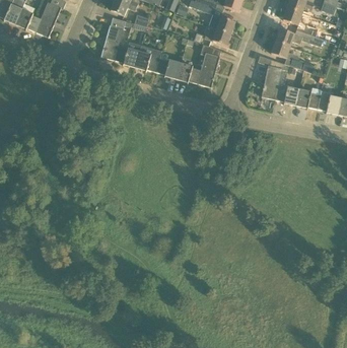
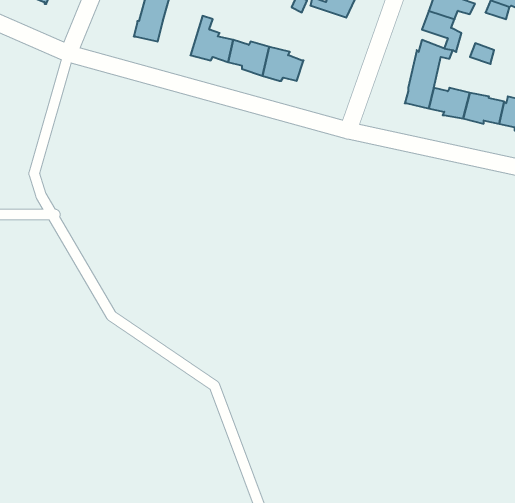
building: [115,41,141,67] -> none
building: [197,43,220,86] -> none

